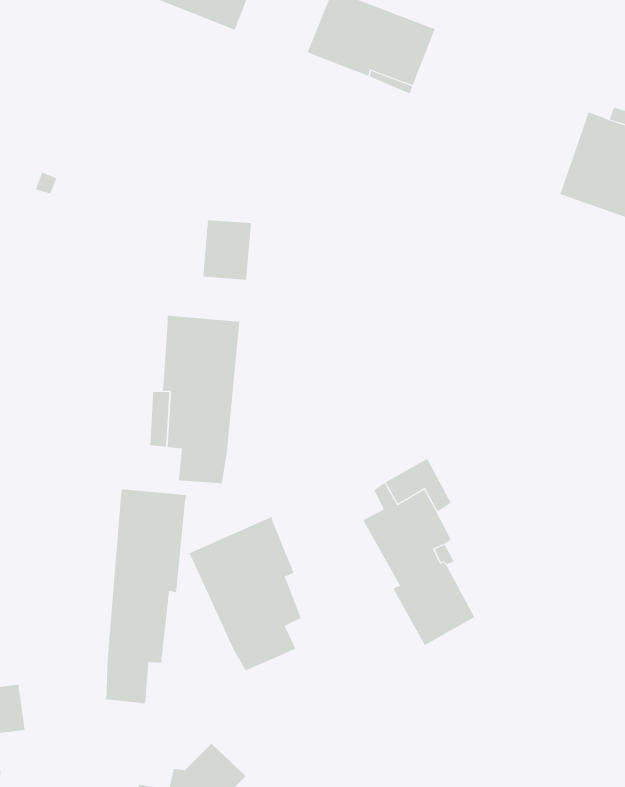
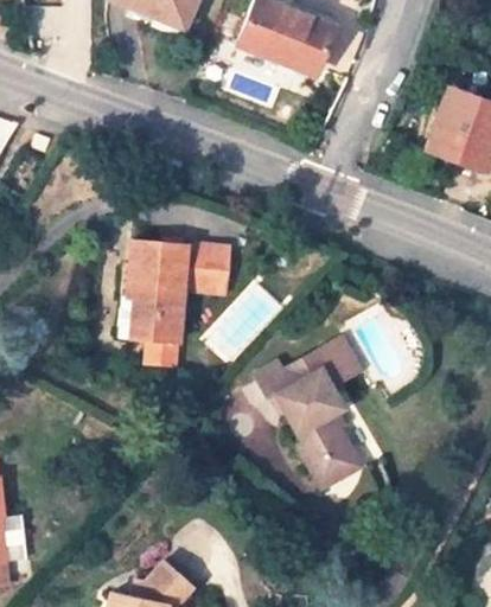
building: [202,220,252,280] -> [191,248,228,293]
building: [106,489,187,704] -> none
building: [189,516,302,671] -> none

